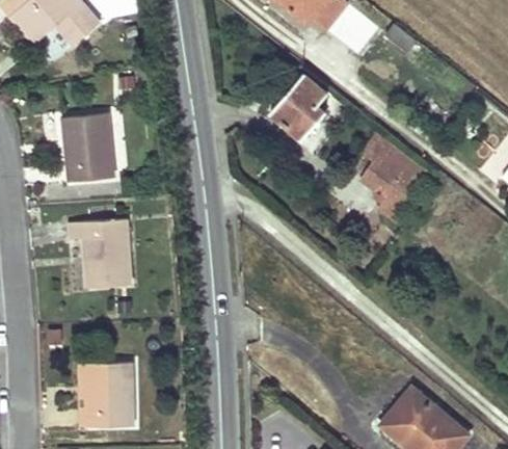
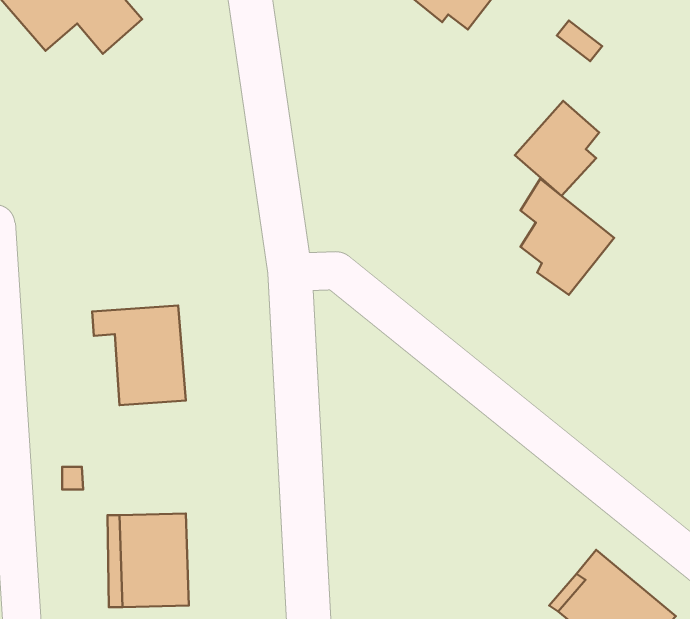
building: [270,74,328,139] -> [515,101,599,196]
building: [62,113,114,183] -> none

